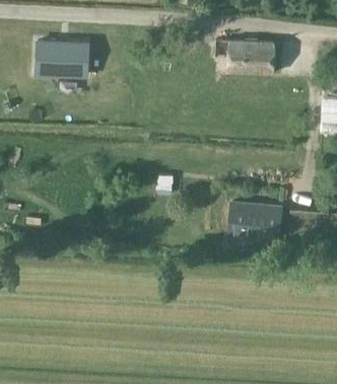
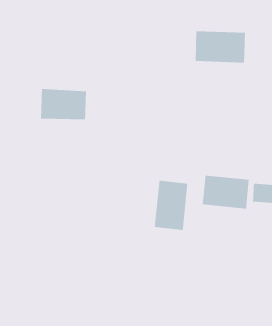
building: [35,40,86,75] -> [40,88,87,120]
building: none -> [154,180,188,231]

